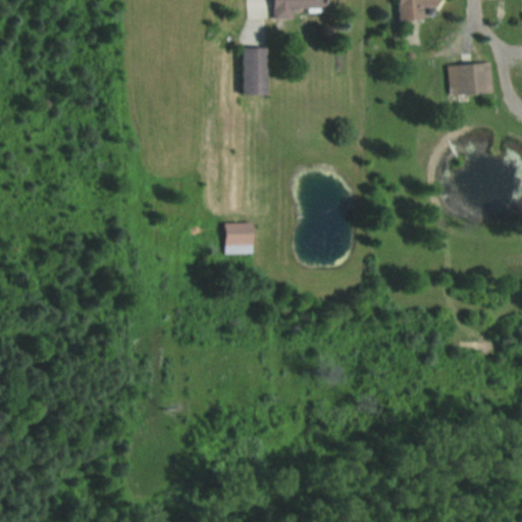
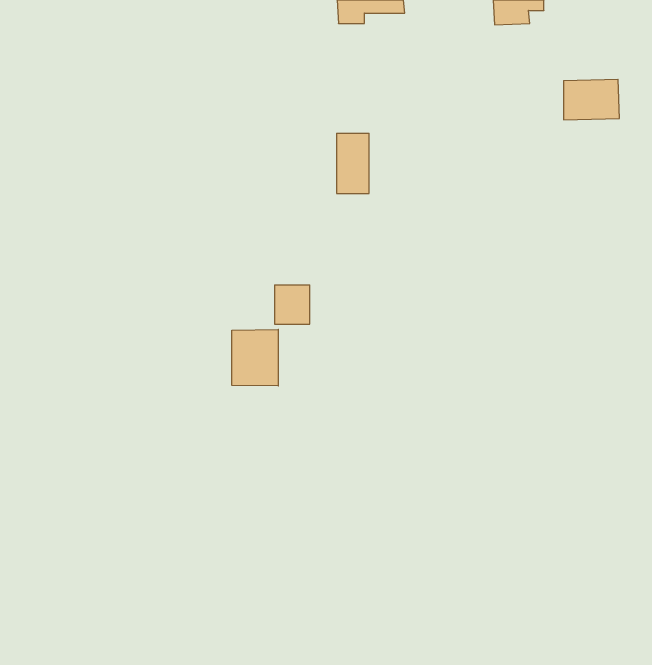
building: [242,47,267,94] -> [337,133,369,193]
building: none -> [232,329,278,386]

